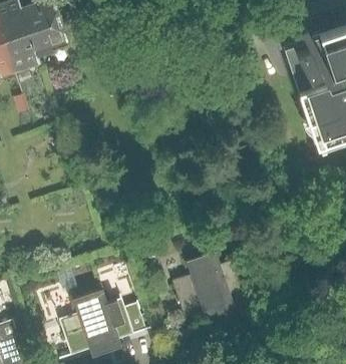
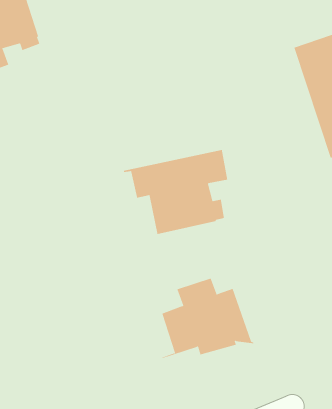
building: none -> [123,149,228,235]
building: [58,288,149,359] -> none

